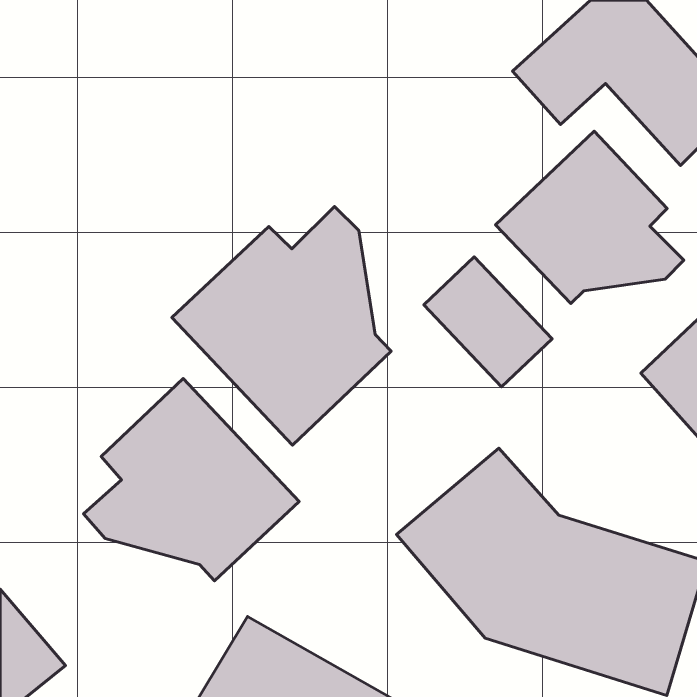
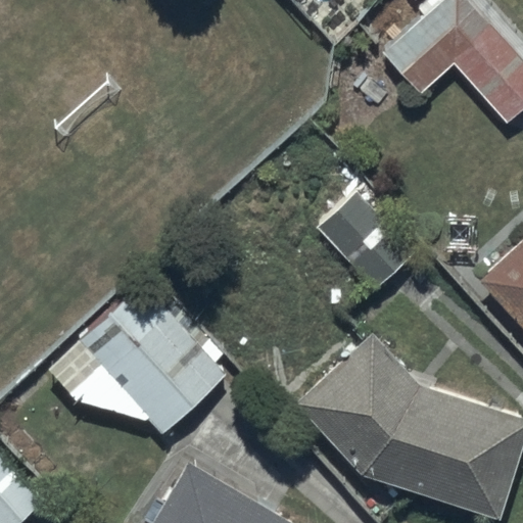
building: [496,131,684,303] -> none
building: [172,206,391,445] -> none

